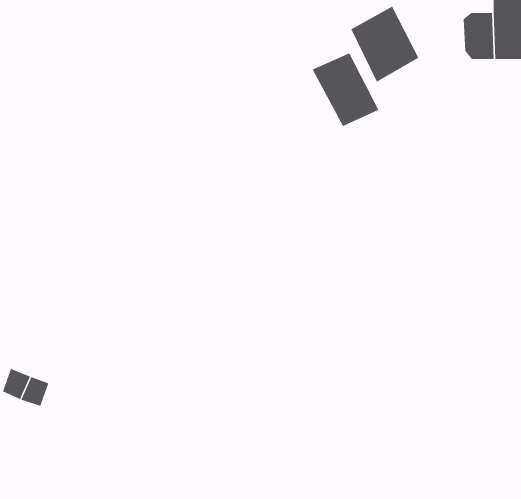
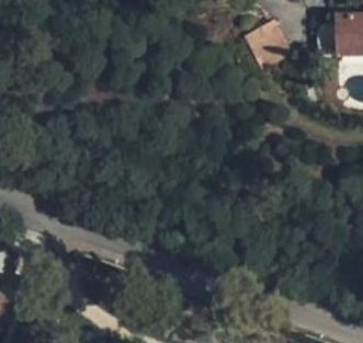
building: [311,53,379,127] -> none

